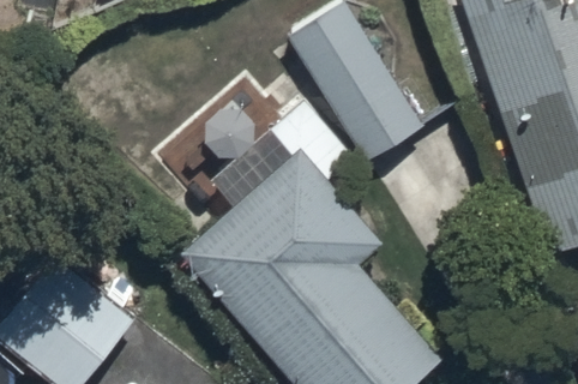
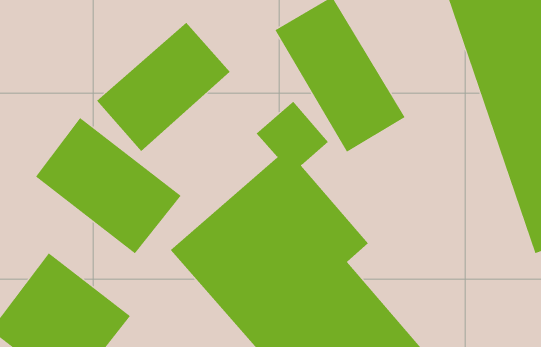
building: none -> [96,22,230,152]
building: none -> [35,117,182,254]

